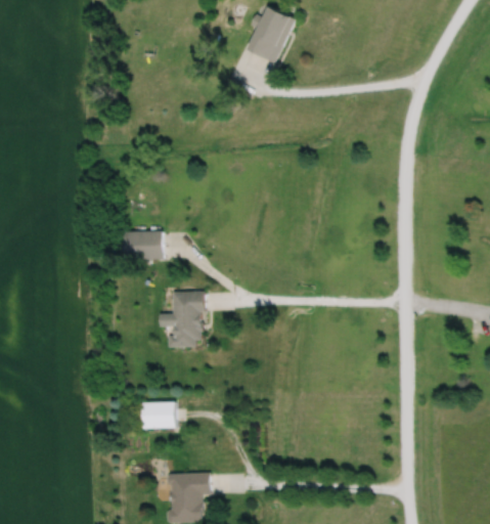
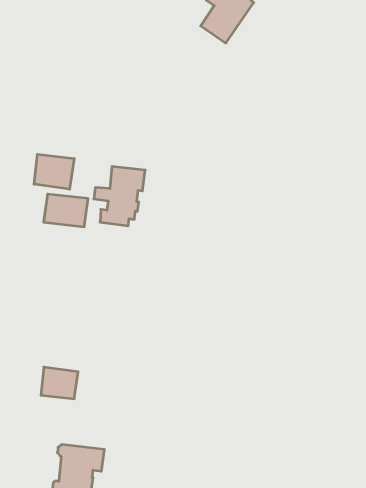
building: none -> [34,154,74,189]
building: [158,292,204,348] -> [94,167,145,226]

